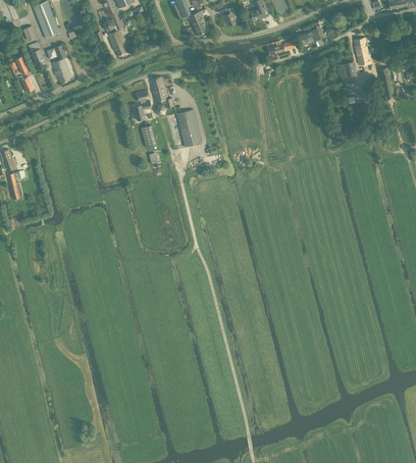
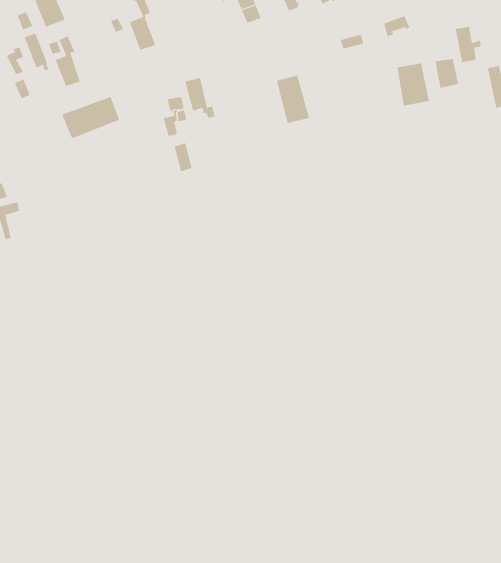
building: none -> [397,63,429,107]
building: none -> [62,96,120,139]
building: [175,109,201,146] -> [276,75,310,124]

